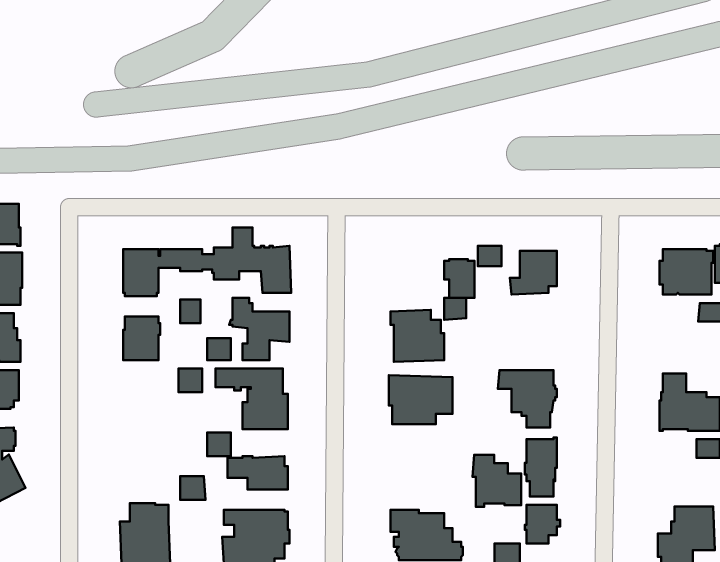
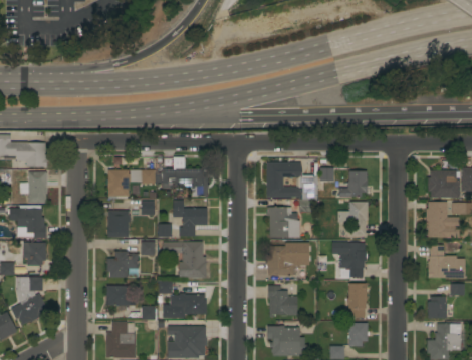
building: none -> [267,163,302,198]
building: none -> [337,202,368,236]
building: none -> [426,202,459,238]
building: none -> [106,251,138,278]
building: none -> [105,286,133,306]
building: [472,455,521,507] -> [267,286,296,317]
building: none -> [427,297,446,318]

